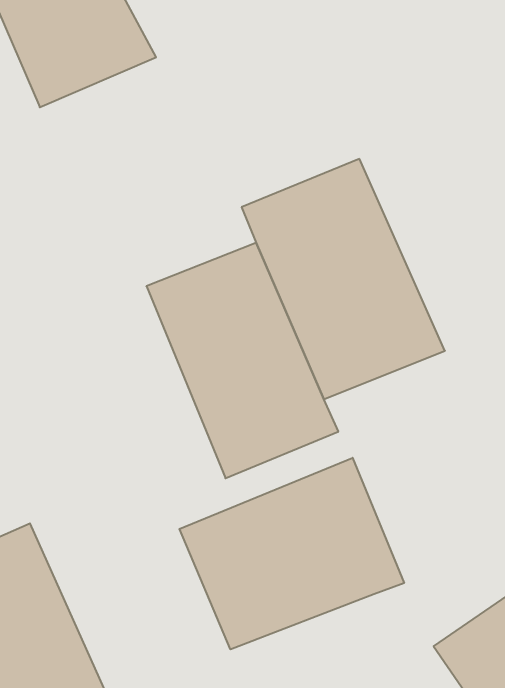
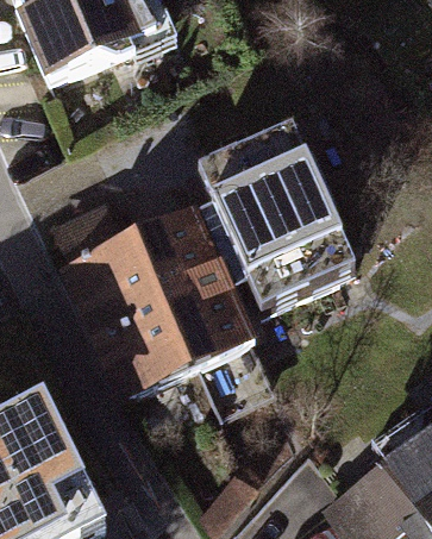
building: none -> [65,224,192,395]
building: [179,458,404,649] -> none

